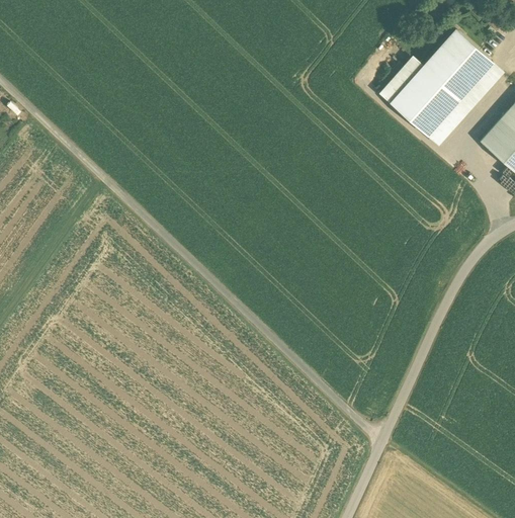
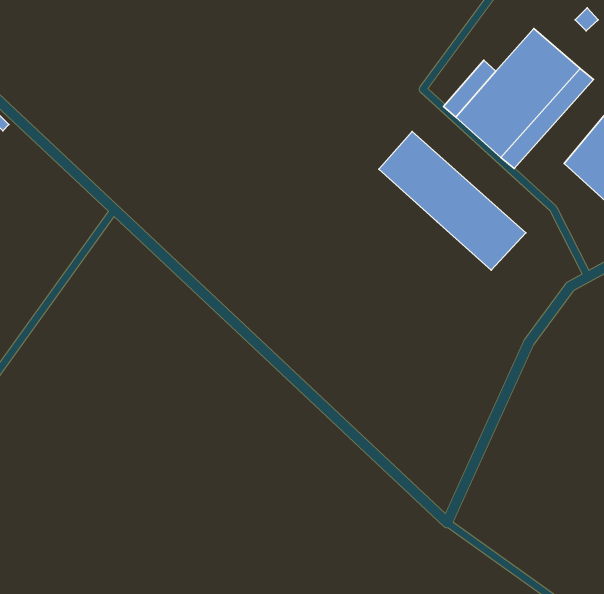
building: none -> [379,132,526,270]

